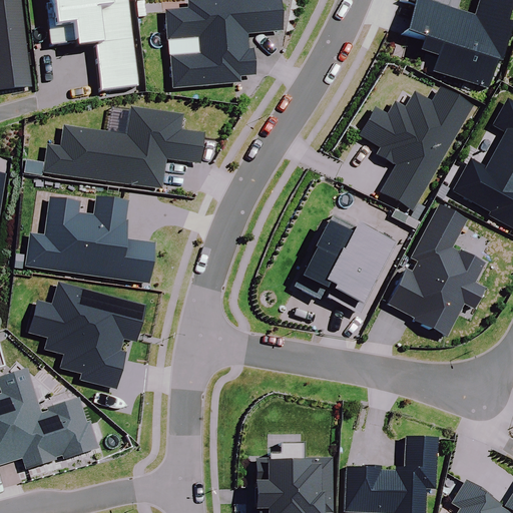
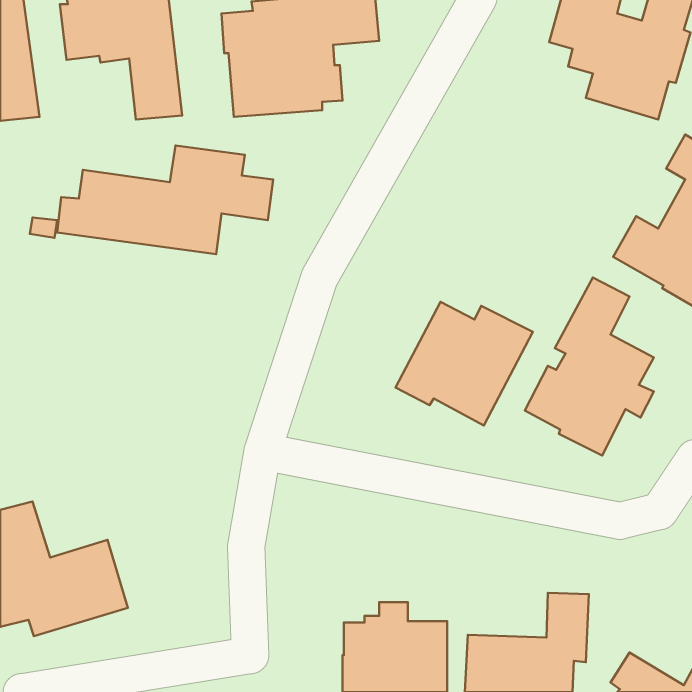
building: [360,87,472,209] -> none
building: [25,196,154,282] -> none
building: [29,283,144,388] -> none

